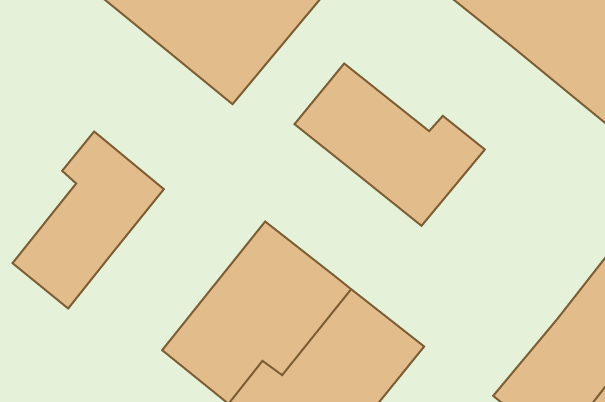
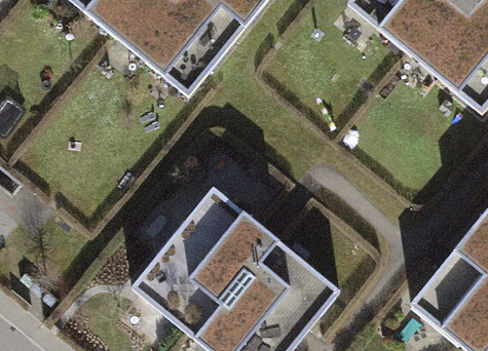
building: [295,63,485,226] -> none
building: [12,131,164,309] -> none

